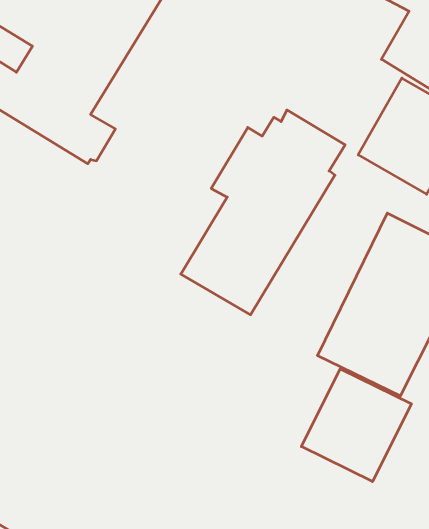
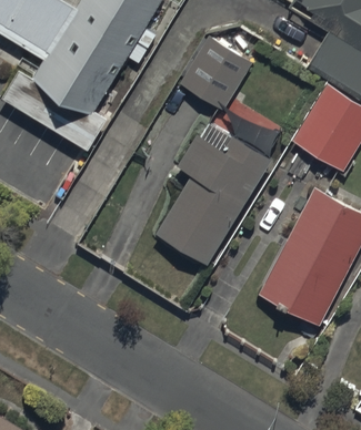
building: none -> [180,37,253,112]
building: [301,369,411,482] -> none

